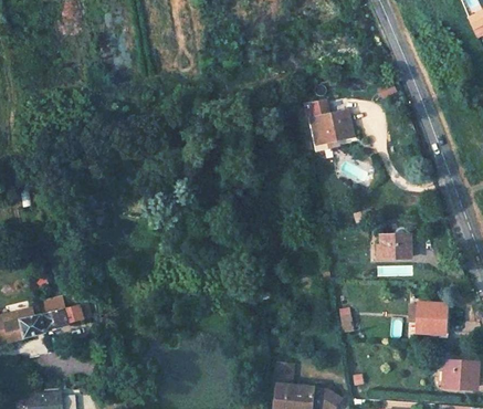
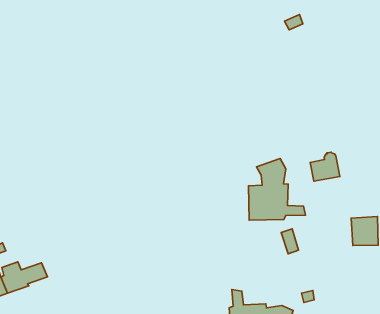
building: [309,103,349,137] -> none
building: none -> [248,158,306,220]

